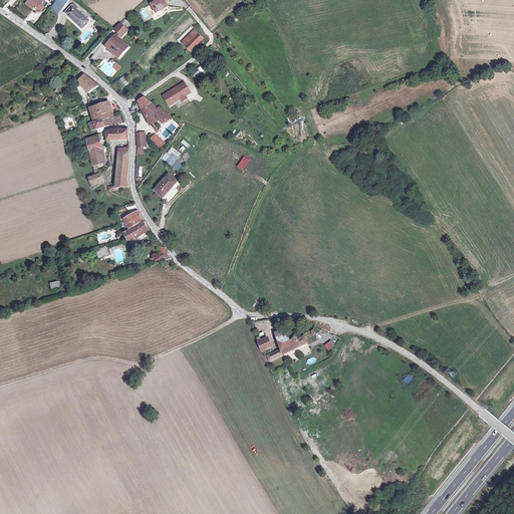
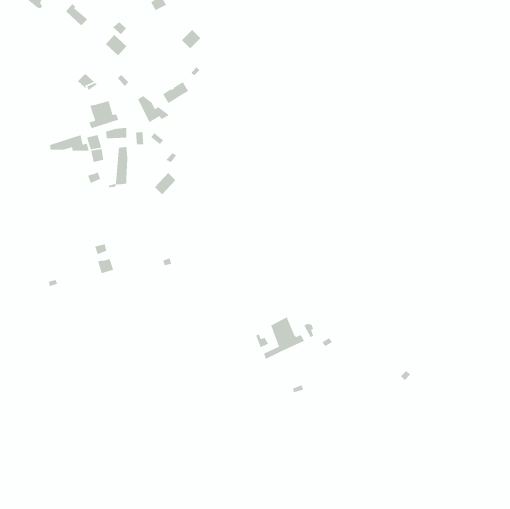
building: none -> [49,134,90,151]
building: [123,210,148,240] -> none

